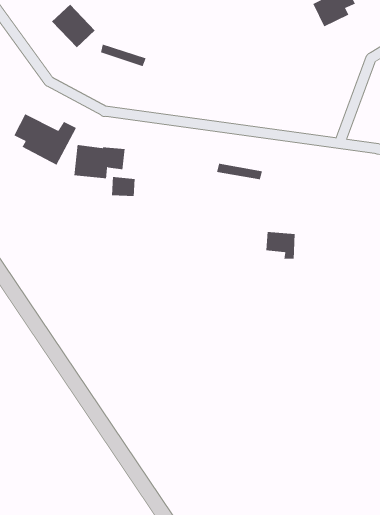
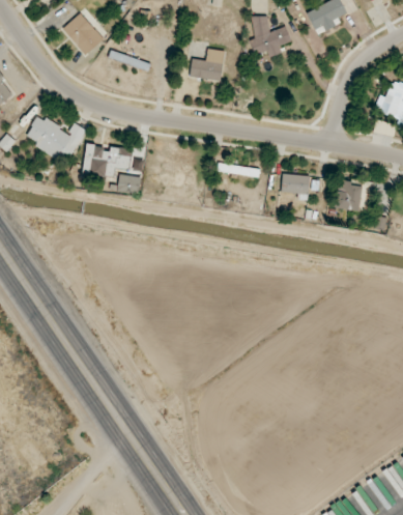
building: none -> [250,13,291,56]
building: none -> [190,49,225,80]
building: none -> [338,179,361,209]
building: [266,232,296,259] -> [281,173,309,199]

